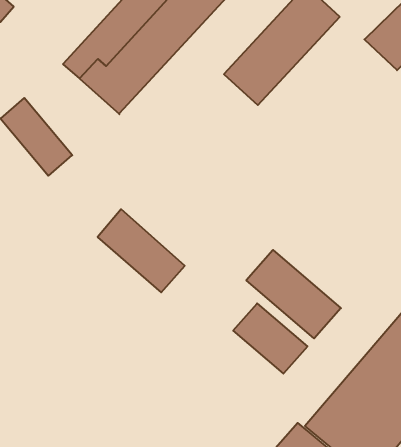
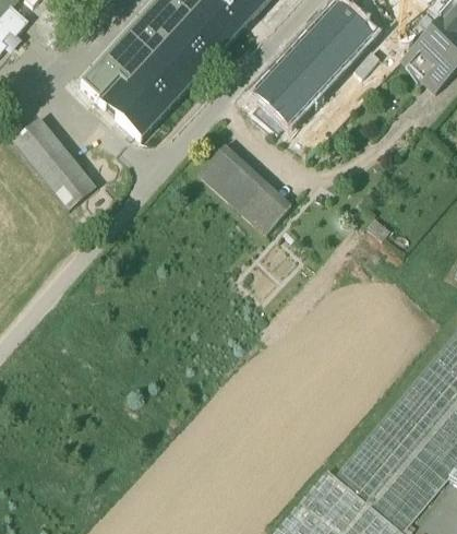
building: [98,209,185,292] -> [196,143,289,232]
building: [246,250,341,338] -> none
building: [233,303,307,374] -> none

